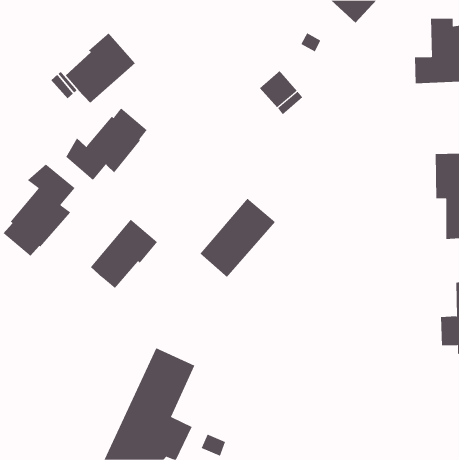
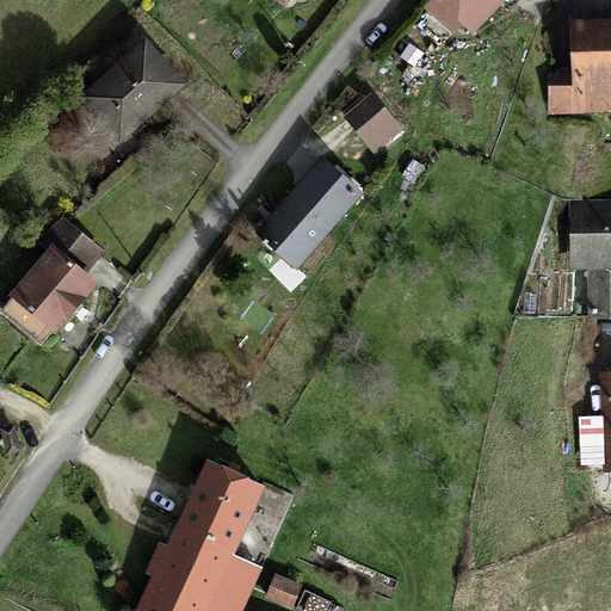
building: [65,108,147,181] -> none
building: [199,198,276,278] -> [259,160,360,266]
building: [90,219,158,289] -> none

